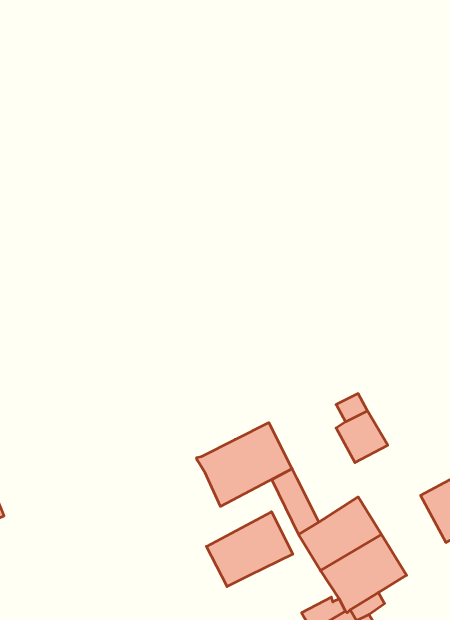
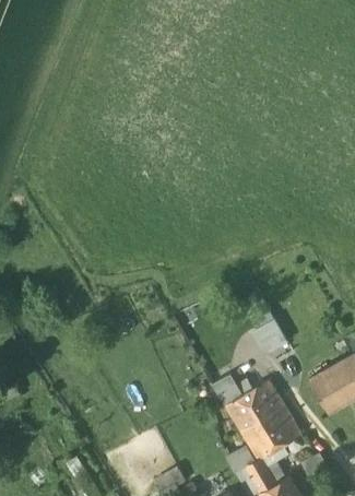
building: [197,423,292,506] -> none
building: [206,512,293,587] -> none

